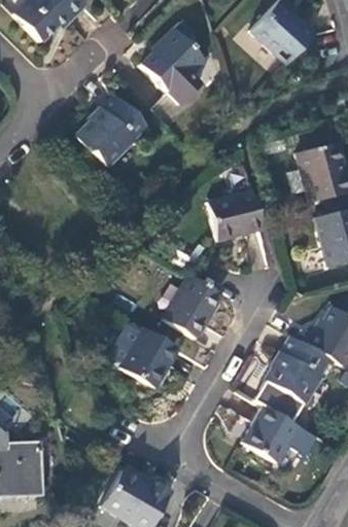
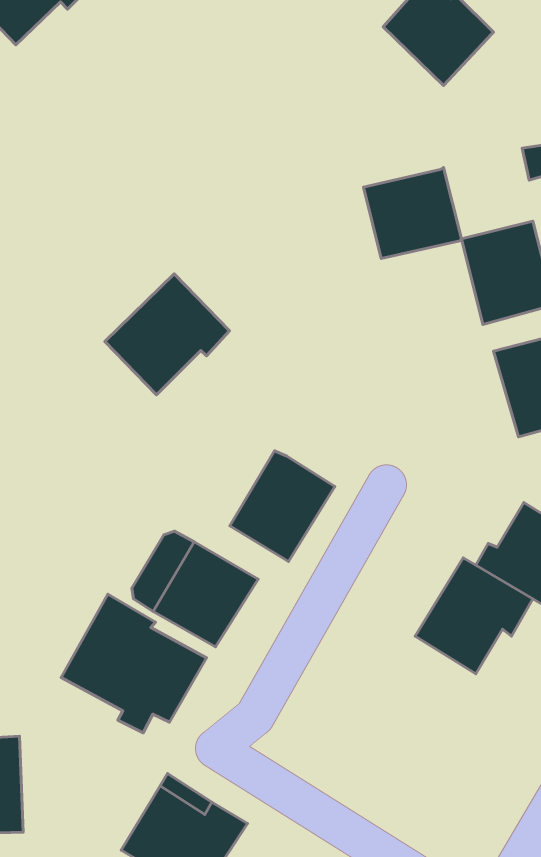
building: [142,21,205,102] -> none
building: [77,96,149,166] -> [105,274,230,395]
building: [197,194,253,246] -> [363,168,461,259]
building: none -> [61,594,206,733]
building: [242,403,301,463] -> none

